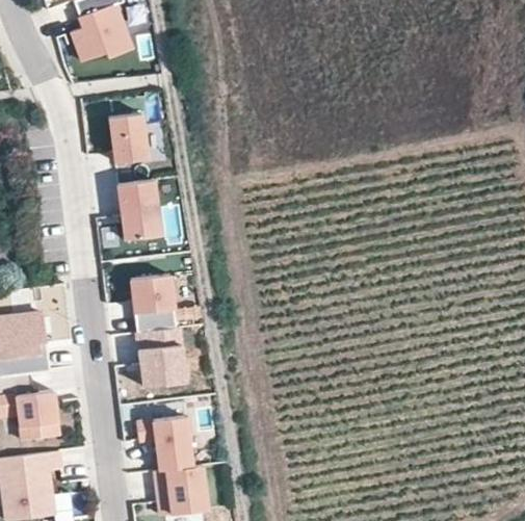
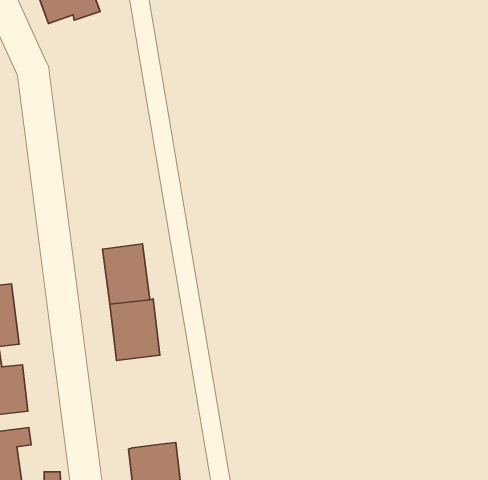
building: [109,112,147,162] -> none
building: [120,180,162,246] -> none
building: [137,417,192,471] -> none

